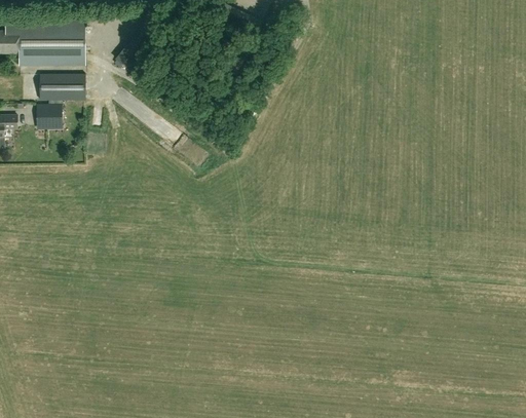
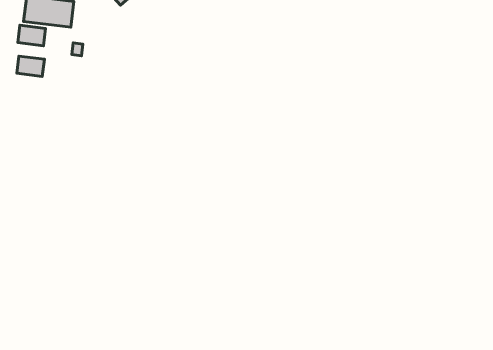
building: none -> [17,56,44,76]

